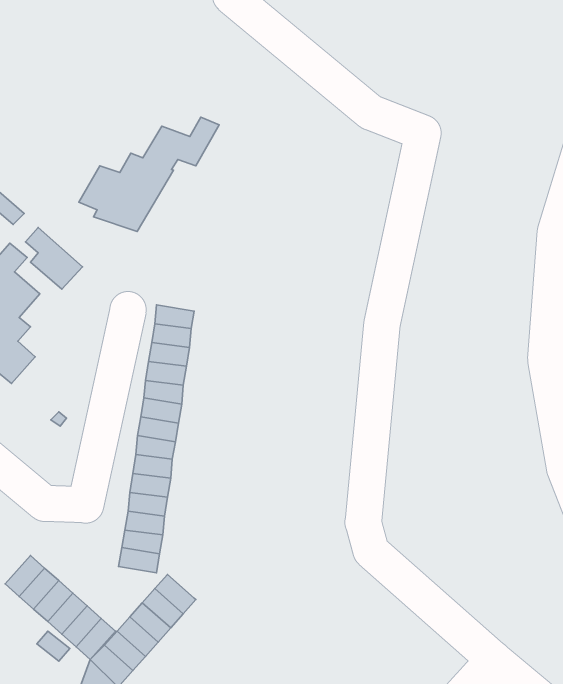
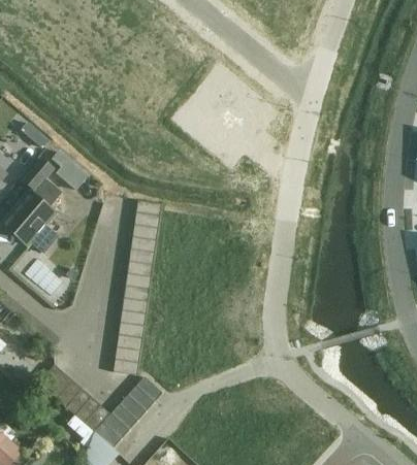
building: [79,117,219,232] -> none

